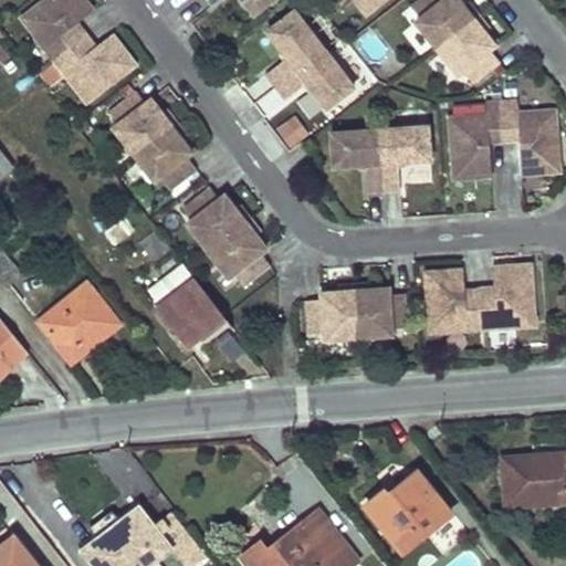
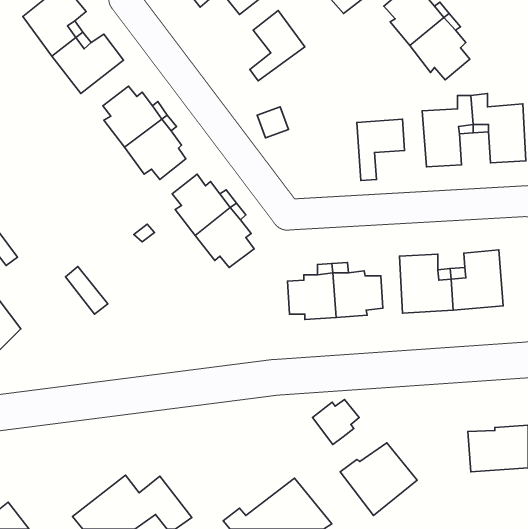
building: [275,50,354,108] -> none
building: [333,130,385,193] -> none
building: [153,280,223,348] -> none
building: [35,295,101,361] -> none
building: none -> [312,399,359,444]

